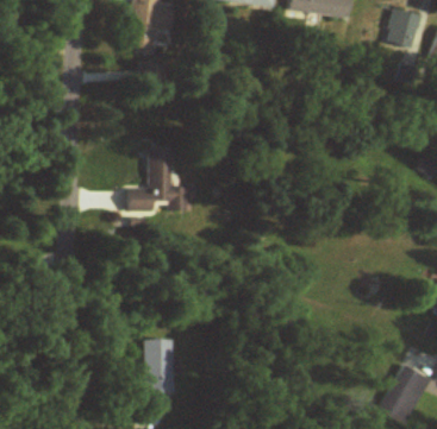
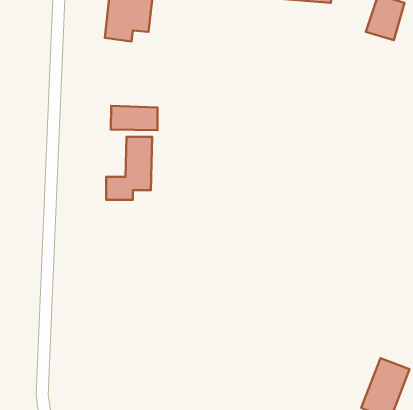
building: none -> [111,106,158,130]
building: [143,339,173,393] -> none

